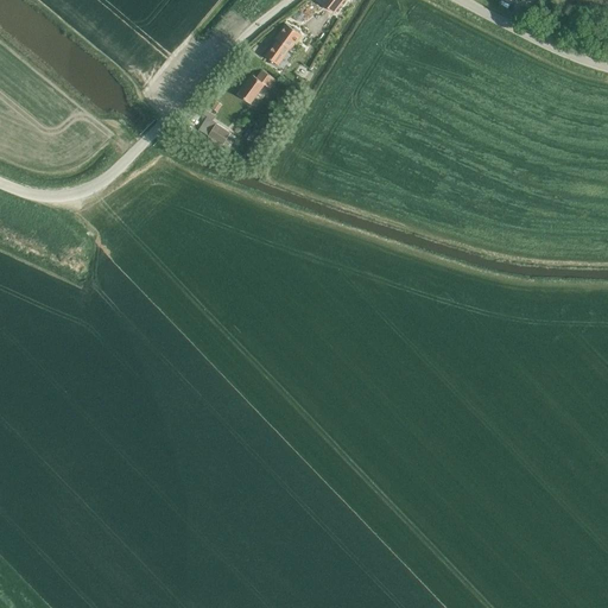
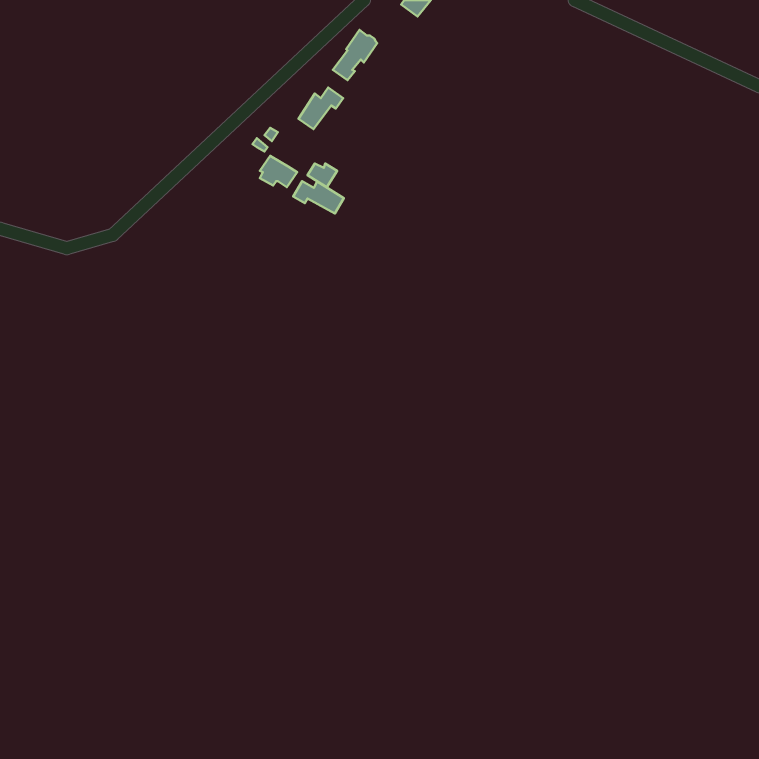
building: none -> [293,181,344,213]

